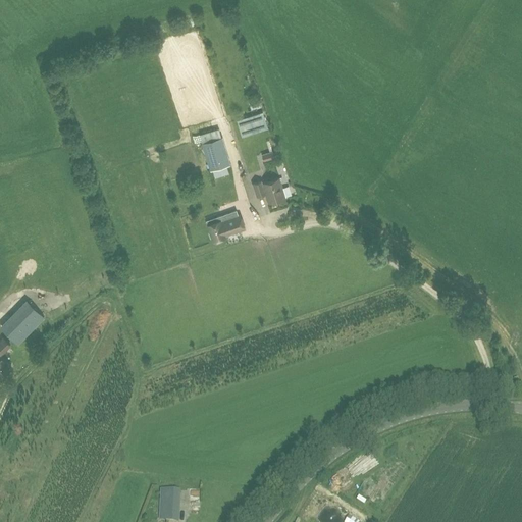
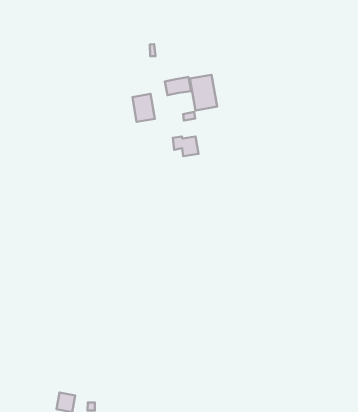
building: none -> [190,75,217,110]
building: [207,216,245,243] -> none

